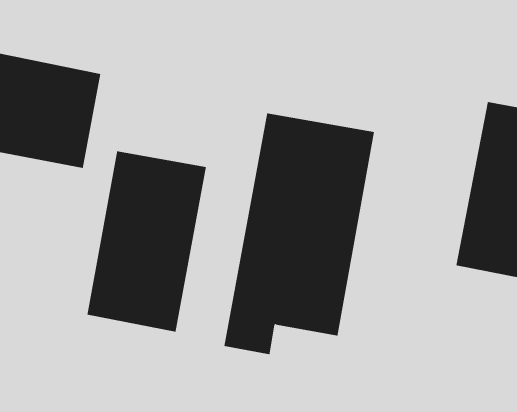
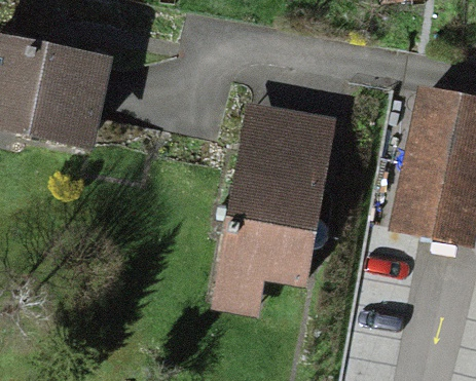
building: [87,151,206,332] -> none

